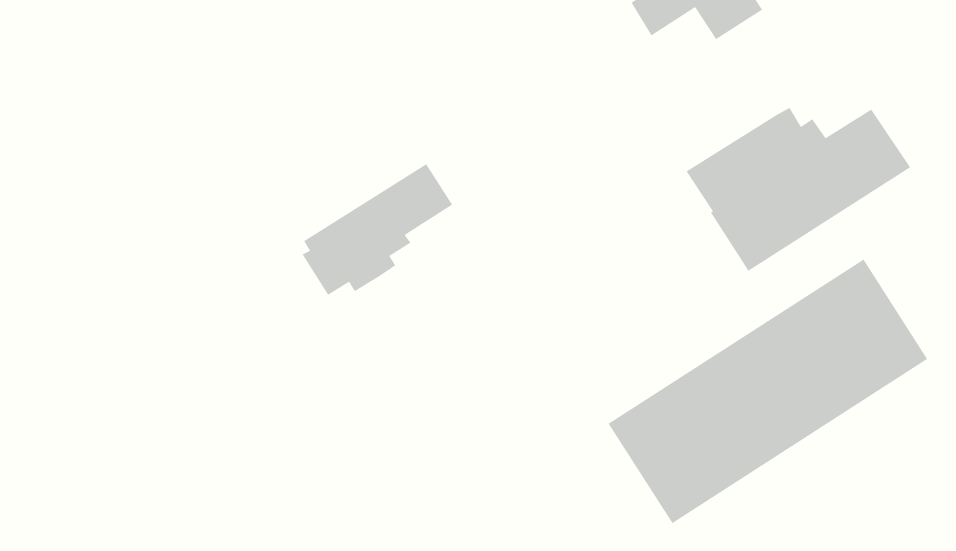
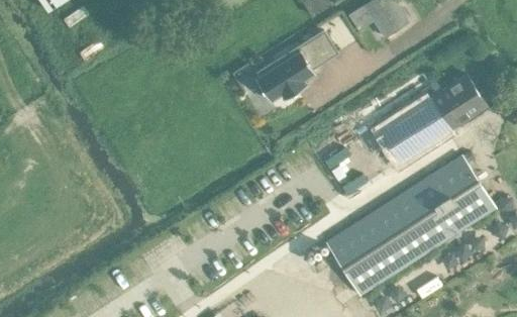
building: [301,163,453,296] -> [256,31,337,102]

